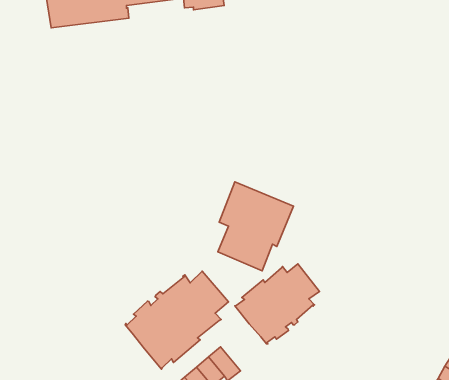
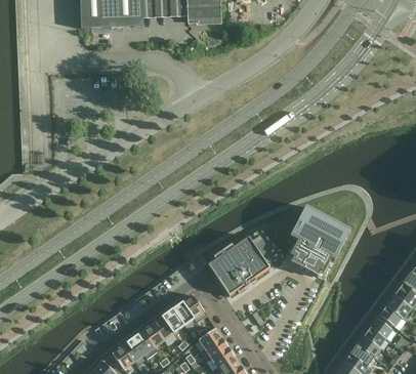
building: [218,182,294,271] -> [286,205,349,278]
building: [125,271,229,369] -> none

